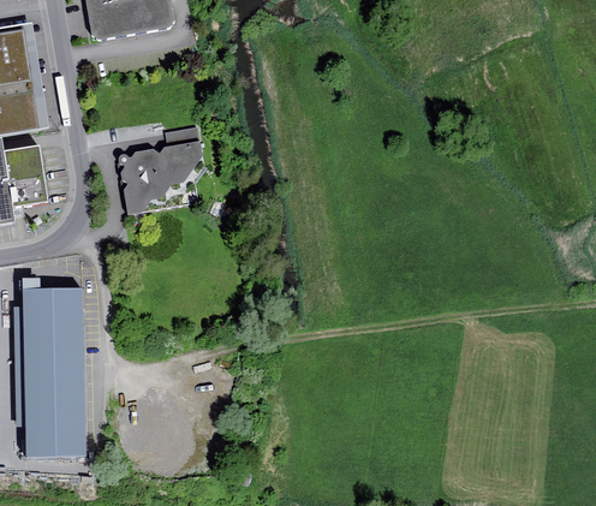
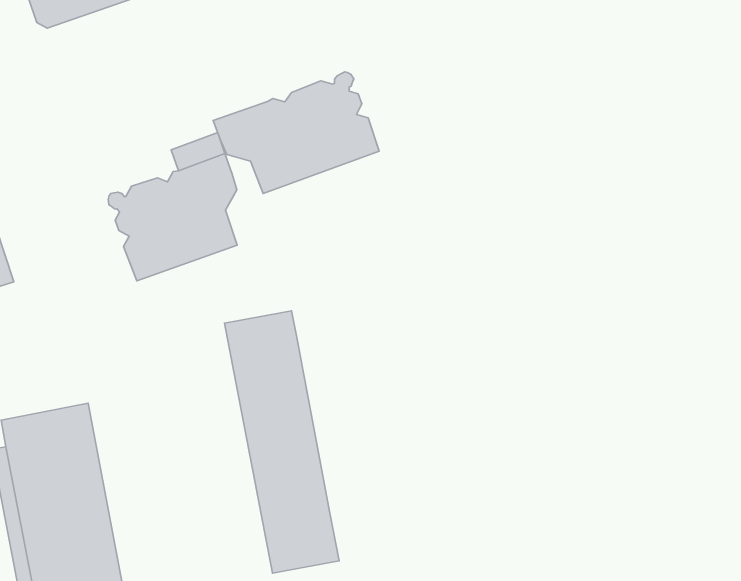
building: none -> [213,72,379,193]
building: none -> [225,311,339,573]

